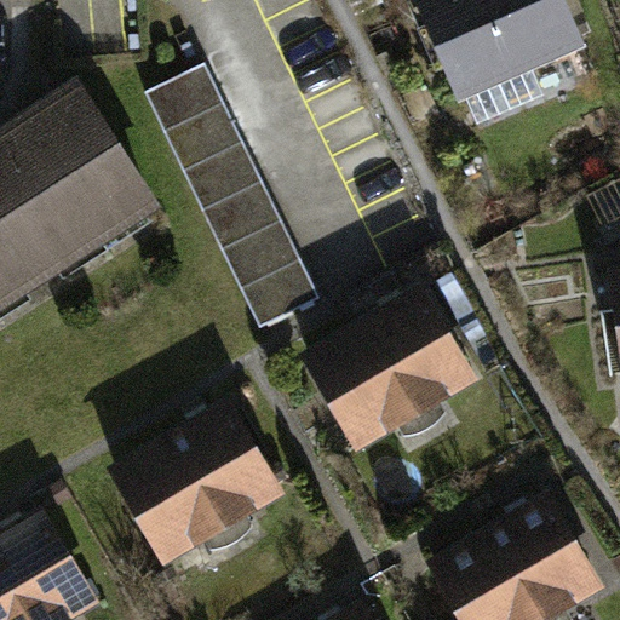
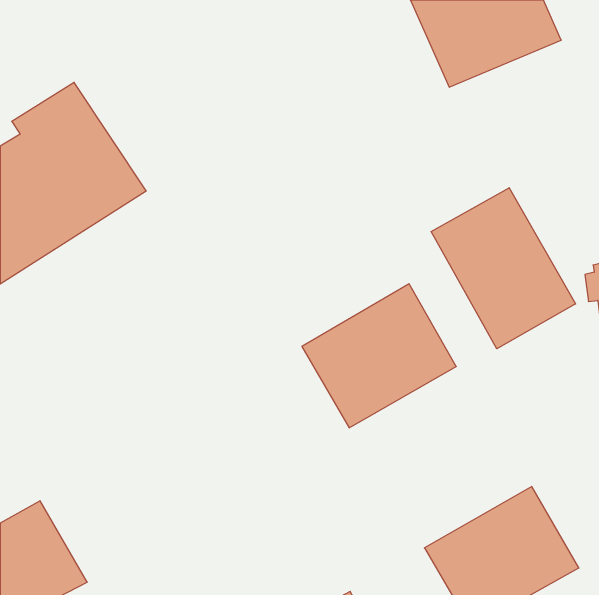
building: [148,69,323,334] -> none
building: none -> [431,188,576,349]
building: [121,413,279,559] -> none

